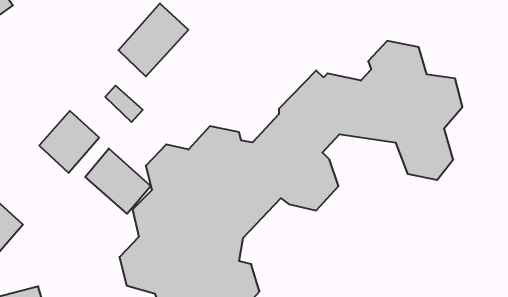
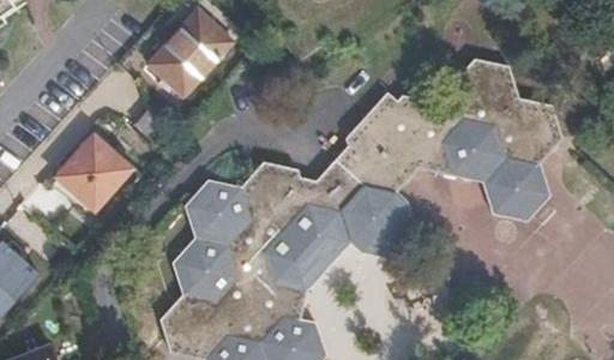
building: [85,148,151,214] -> none

